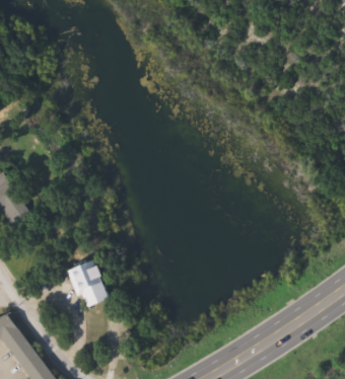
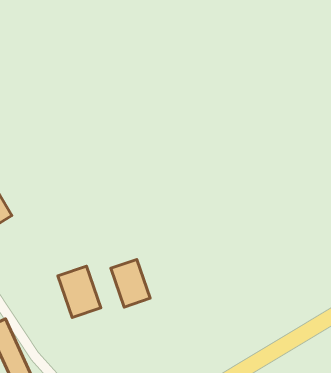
building: none -> [111,259,150,307]

